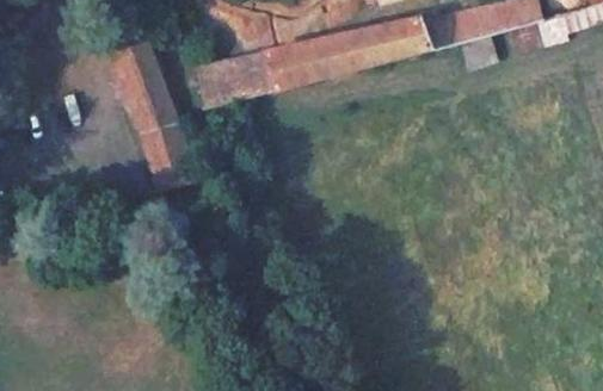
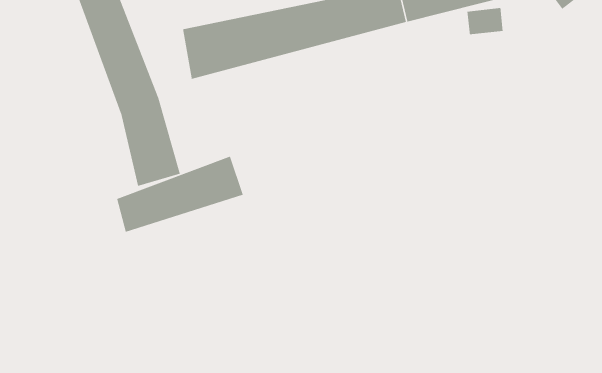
building: none -> [116,156,244,233]

